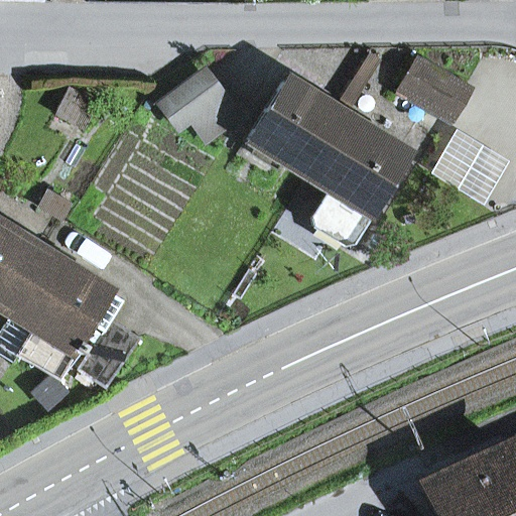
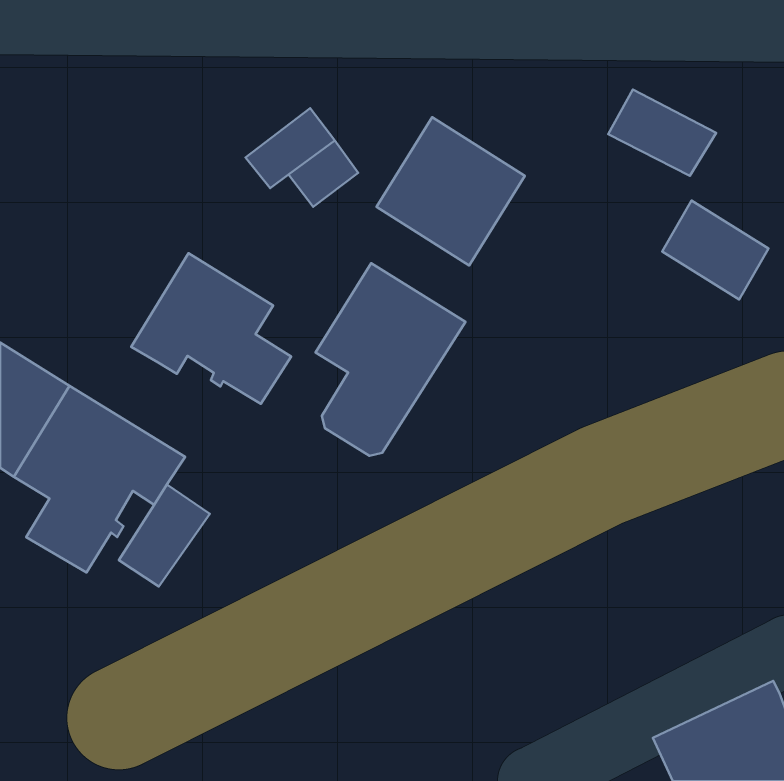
building: [309,115,407,241] -> [316,263,465,456]
building: none -> [131,253,291,404]

